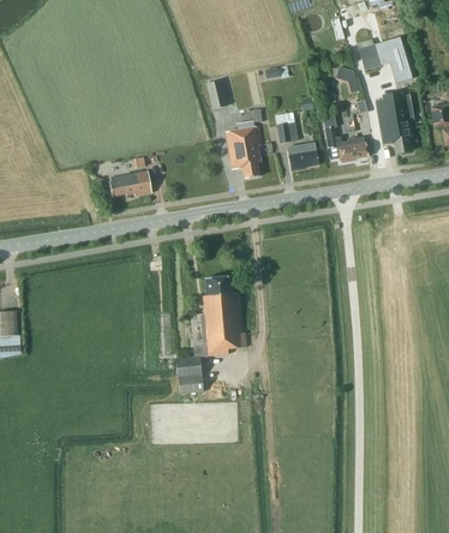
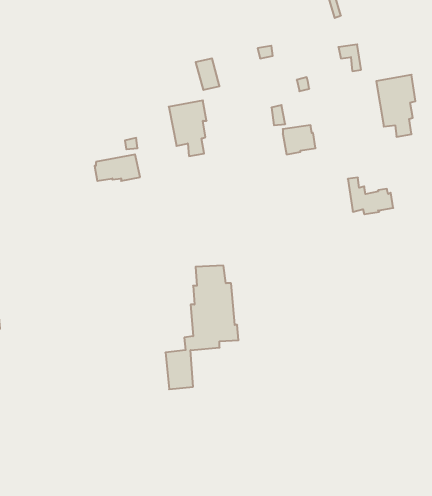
building: [357,34,414,82] -> none
building: [224,125,261,178] -> [169,100,207,156]
building: [324,126,367,161] -> [348,178,393,214]

